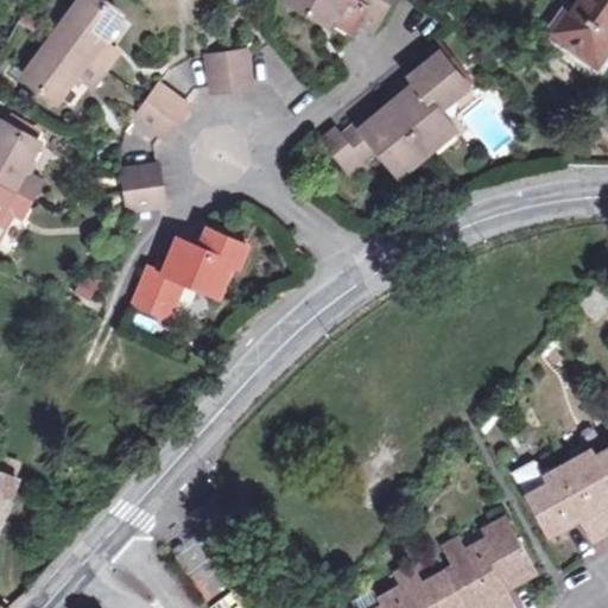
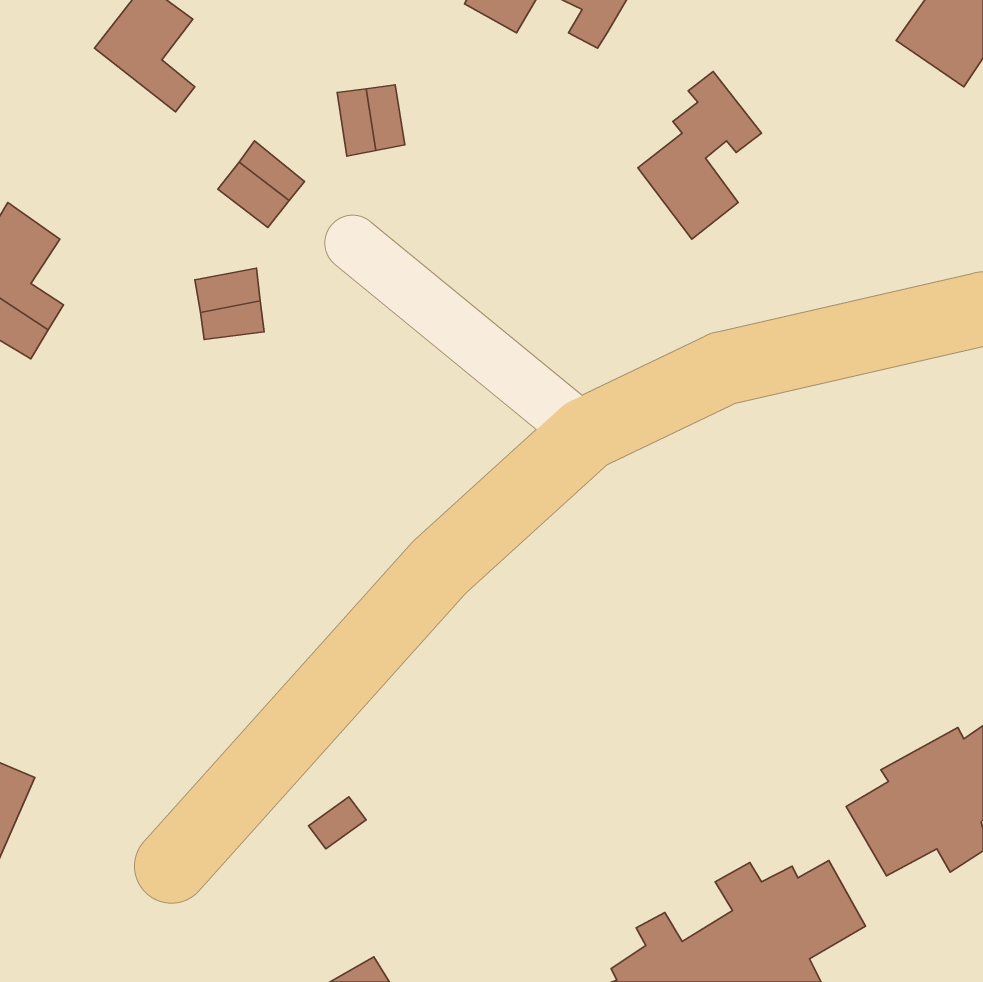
building: [23,30,108,97] -> none
building: [322,103,426,172] -> none
building: [134,234,251,323] -> none

